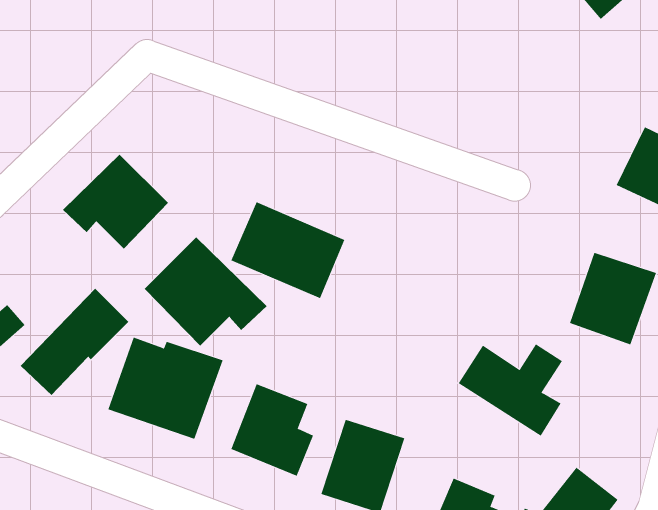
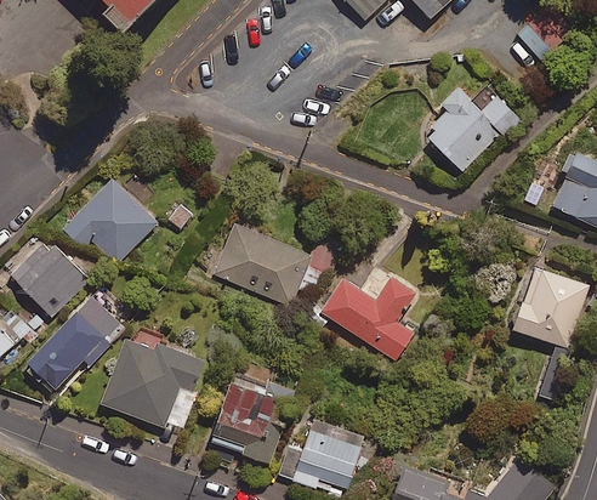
building: none -> [428,87,519,170]
building: none -> [12,240,89,317]
building: [144,236,268,347] -> none
building: [458,343,563,436] -> [320,277,414,359]

